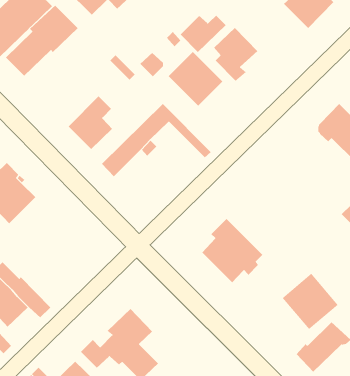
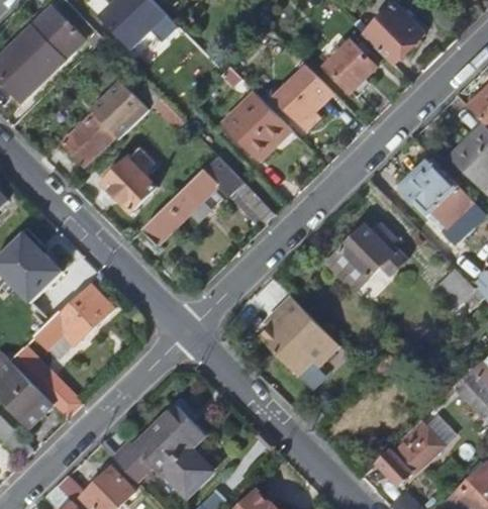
building: [5,5,78,77] -> [60,81,149,168]
building: none -> [323,42,376,95]
building: [180,15,226,53] -> none
building: none -> [325,222,414,301]
building: none -> [33,285,113,351]
building: [282,273,338,330] -> none

